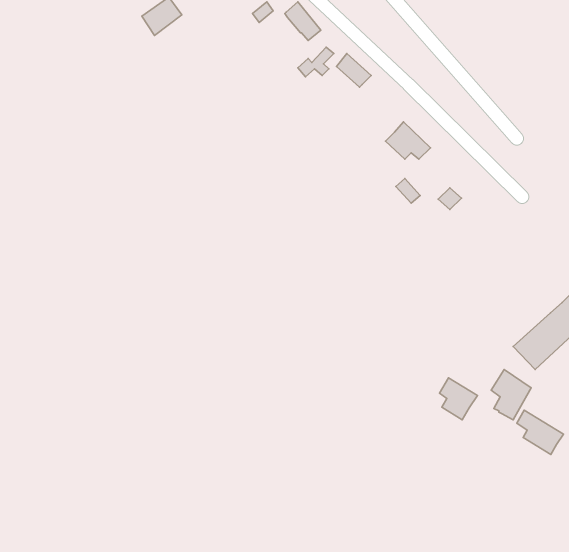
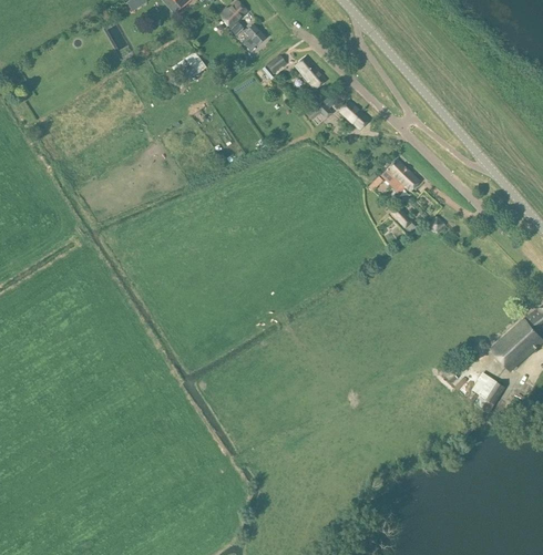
building: [439,378,477,420] -> none
building: [517,410,563,455] -> none

